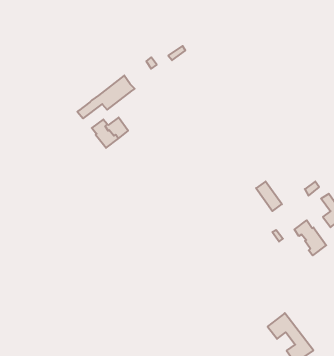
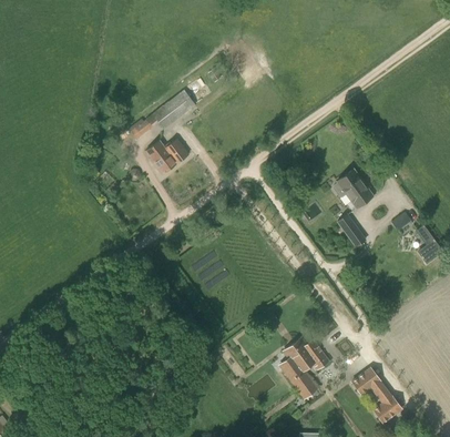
building: none -> [334,167,374,207]
building: [294,220,326,255] -> none
building: none -> [284,336,330,397]

